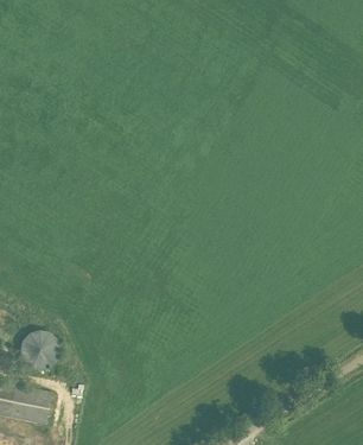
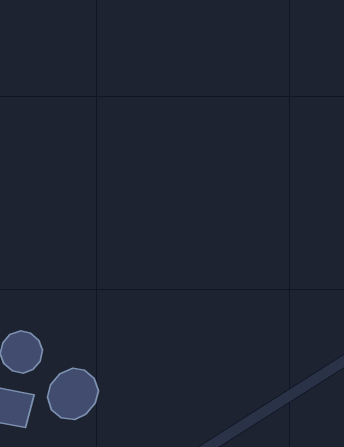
building: none -> [47,368,98,420]

